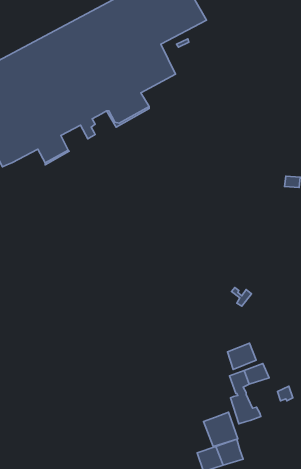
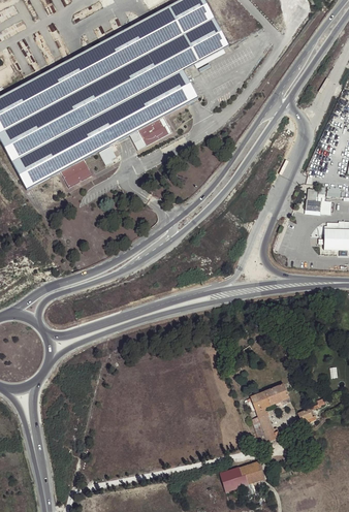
building: [227,343,256,370] -> none
building: [204,412,238,447] -> none

